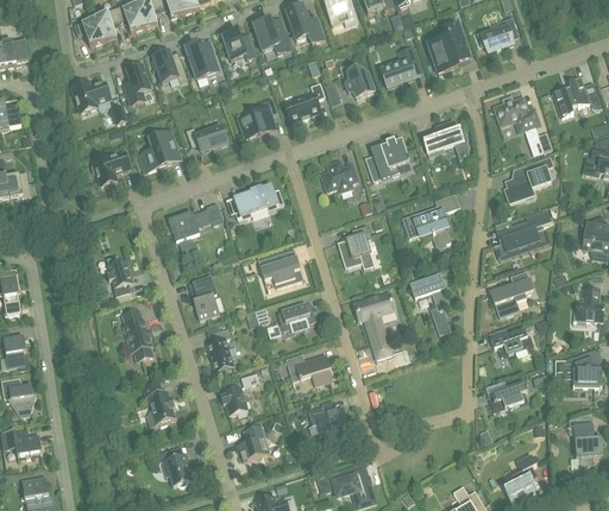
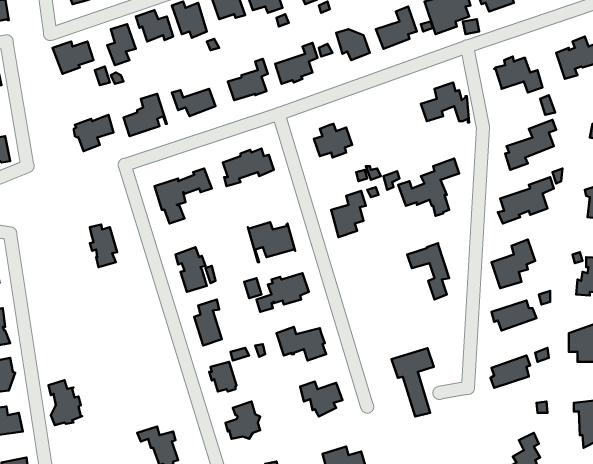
building: [364,137,408,179] -> none
building: [353,291,394,357] -> [392,348,434,417]
building: [121,308,152,358] -> none
building: [143,381,175,424] -> [48,380,82,425]

